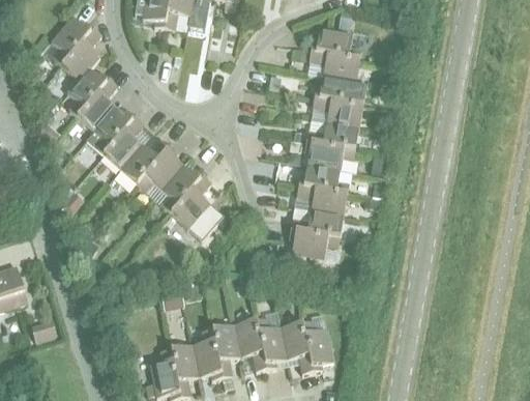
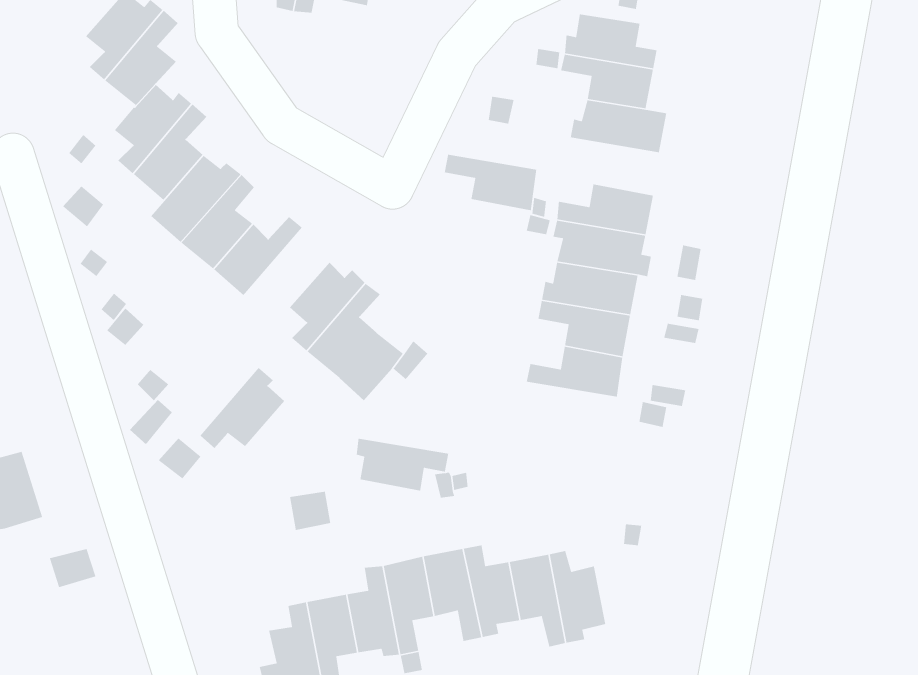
building: [312,96,362,127] -> [444,154,537,211]
building: [137,145,183,190] -> [199,367,285,449]
building: [289,229,340,258] -> [356,438,449,491]

